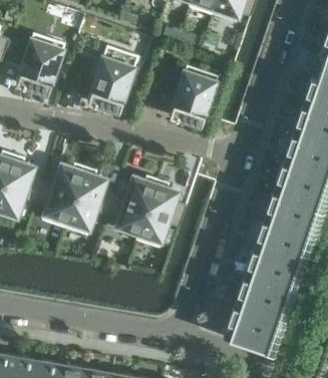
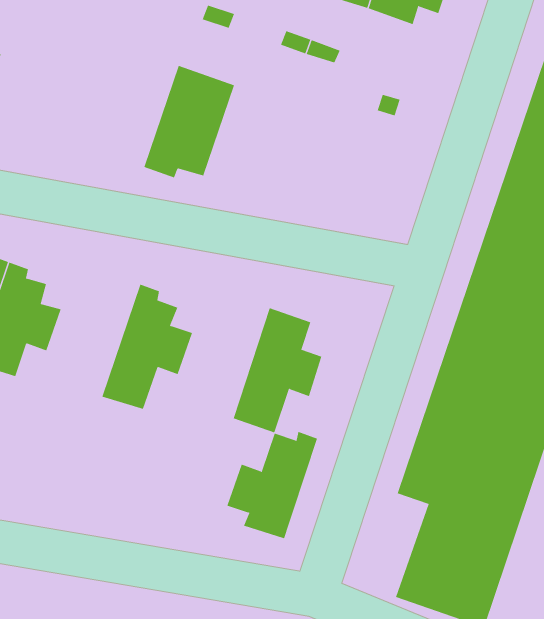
building: [16,33,64,89] -> none
building: [169,64,218,121] -> none
building: [34,162,85,228] -> none
building: [106,174,156,240] -> [227,431,318,550]

